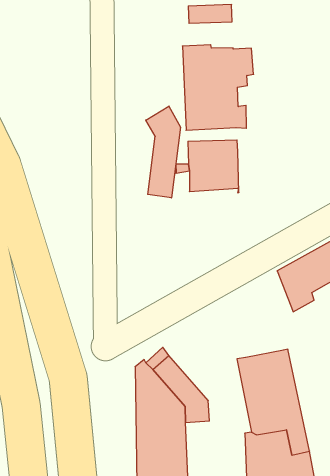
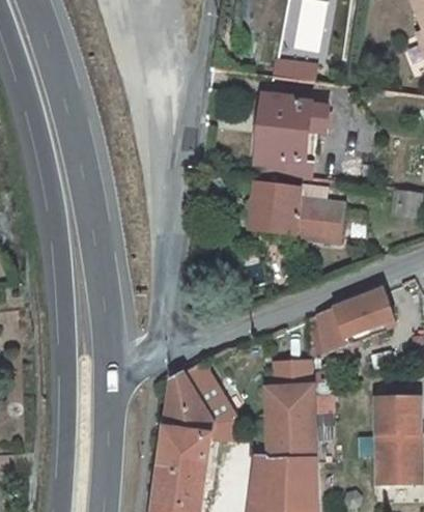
building: [146,106,180,198] -> none
building: none -> [292,198,341,239]
building: none -> [274,361,309,386]

